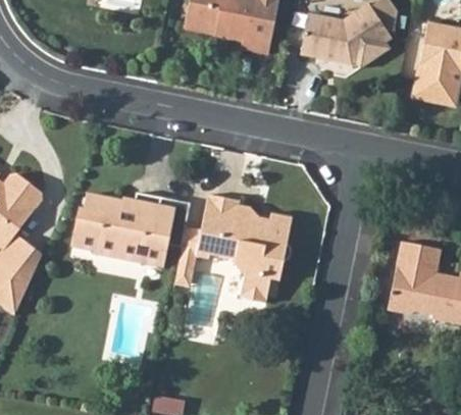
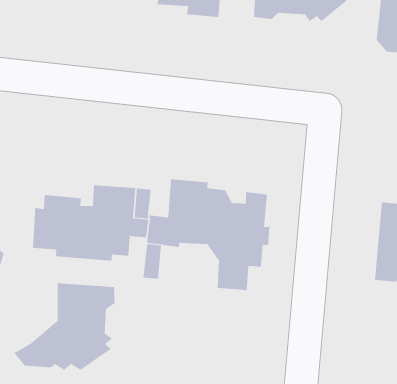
building: none -> [14,282,115,371]

